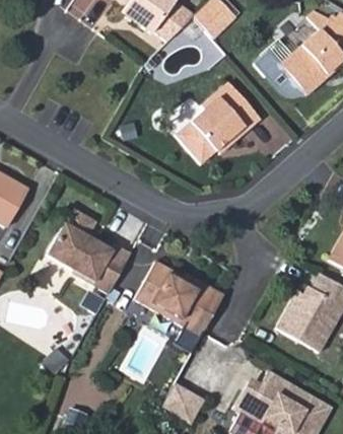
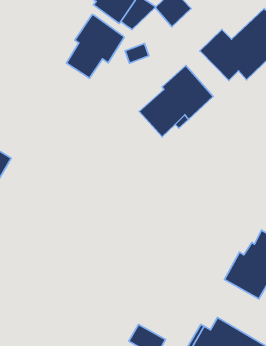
building: none -> [66,14,124,78]
building: [48,210,130,289] -> none
building: [134,260,223,351] -> none

